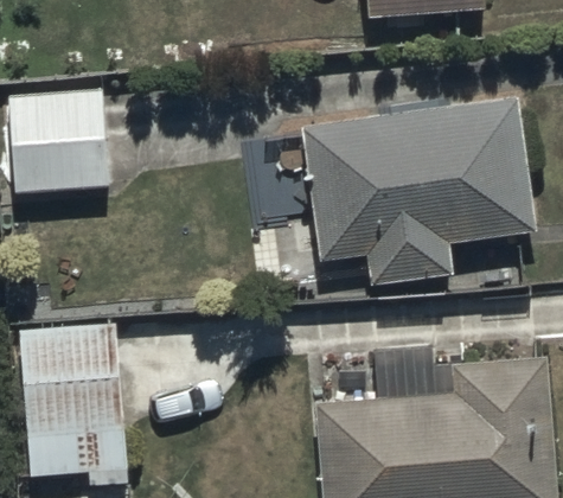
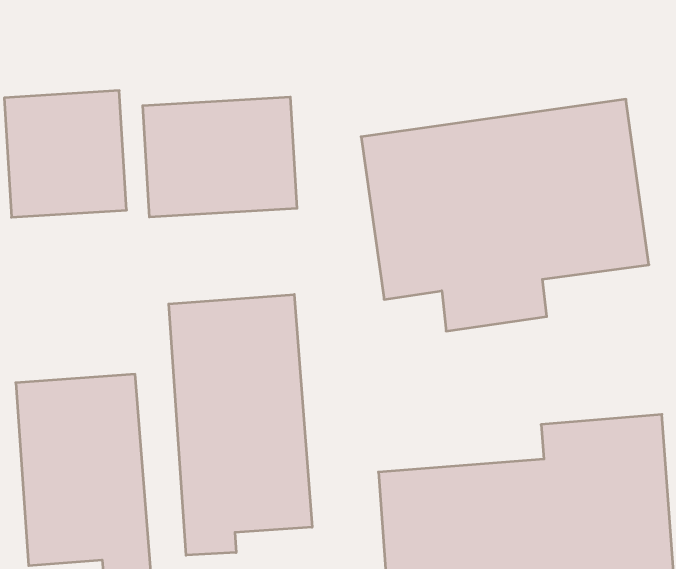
building: none -> [143,97,297,217]
building: none -> [169,294,312,555]

